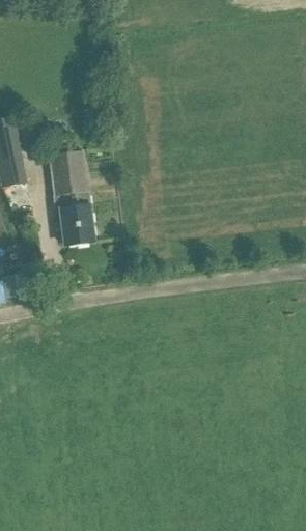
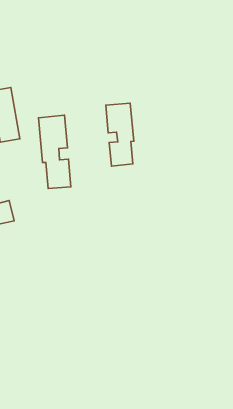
building: none -> [106,103,134,166]

